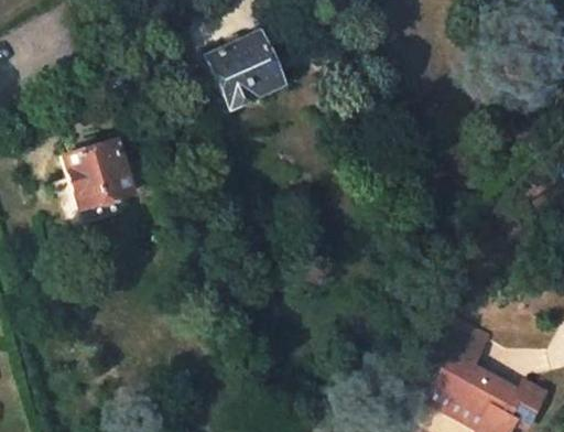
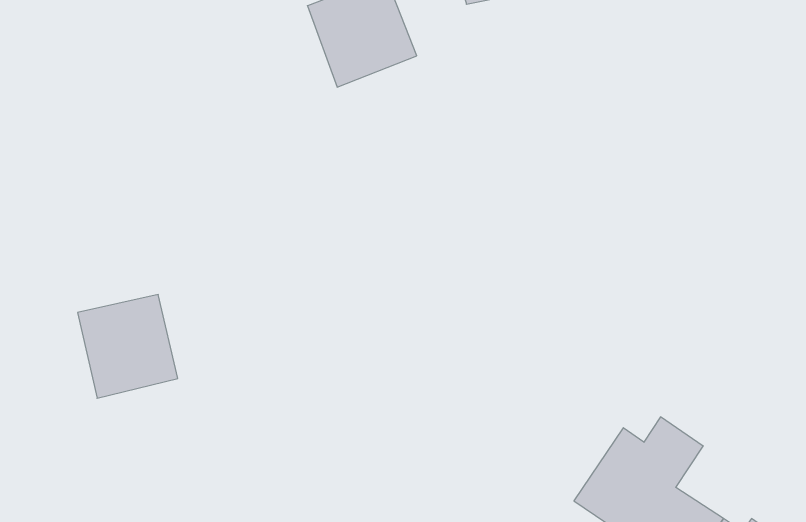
building: [65,140,134,212] -> [78,295,178,398]

